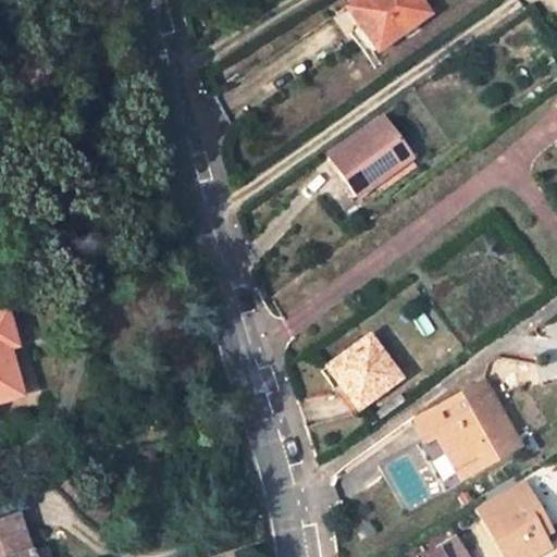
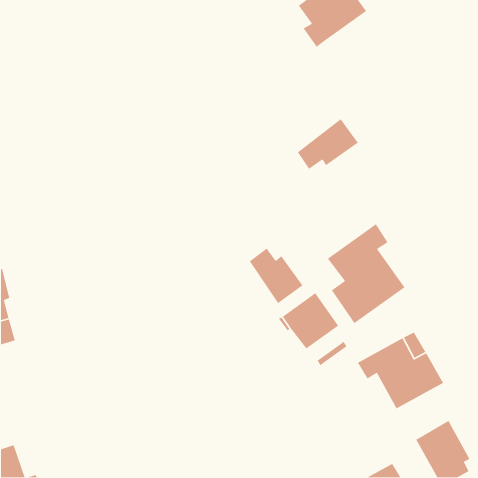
building: [331,117,397,176] -> none
building: none -> [327,223,405,324]
building: none -> [249,248,304,304]

